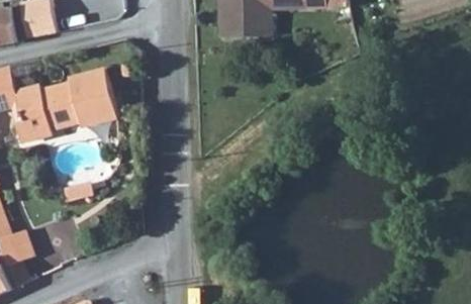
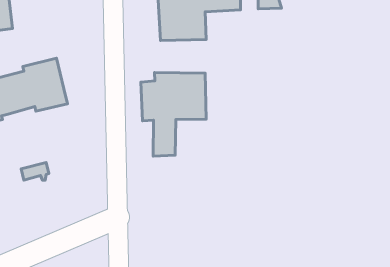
building: none -> [141,72,206,156]

